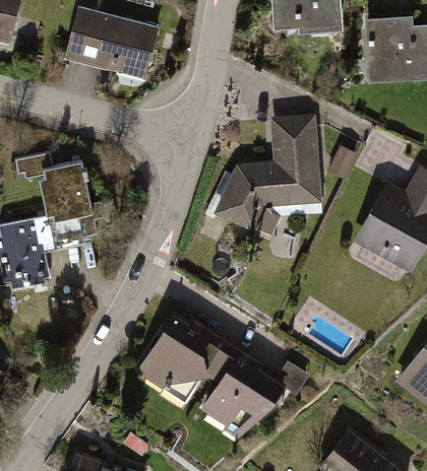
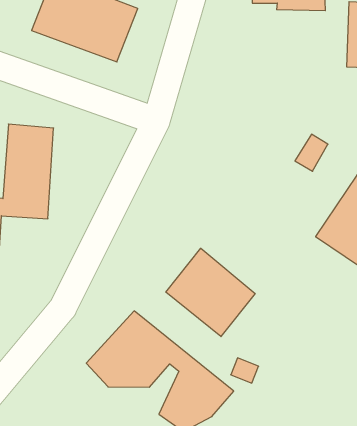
building: [212,111,319,233] -> none
building: none -> [166,248,255,337]

